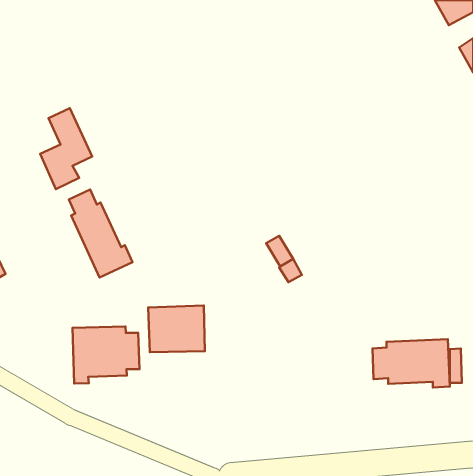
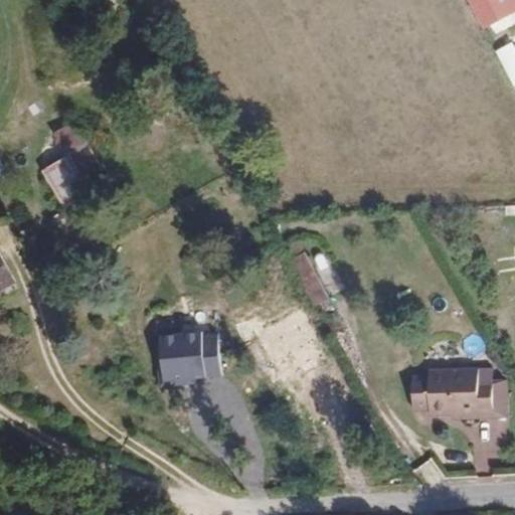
building: [69,189,132,277] -> none
building: [72,326,139,383] -> none

